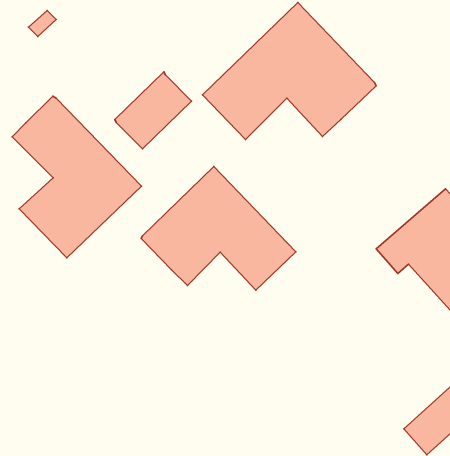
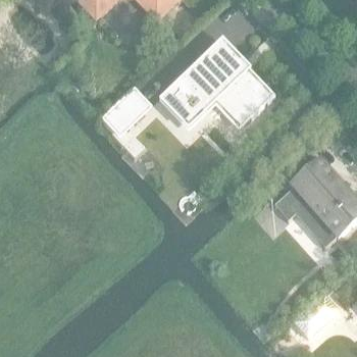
building: [12,96,141,258] -> none
building: [141,167,296,290] -> none

